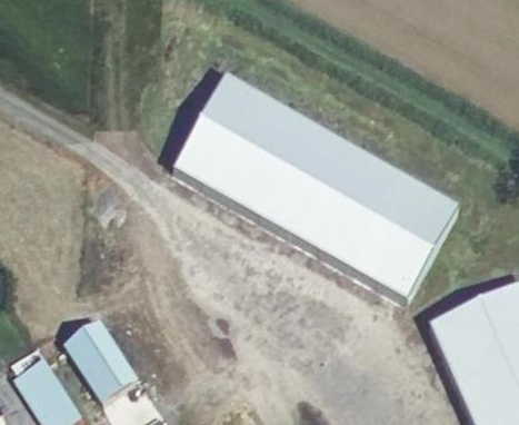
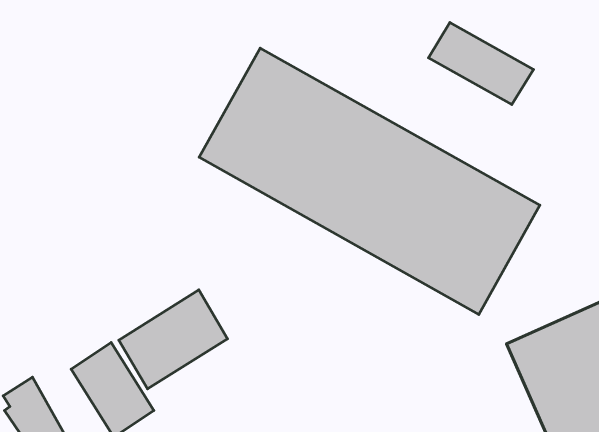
building: none -> [428,23,533,105]
building: none -> [119,290,228,389]

